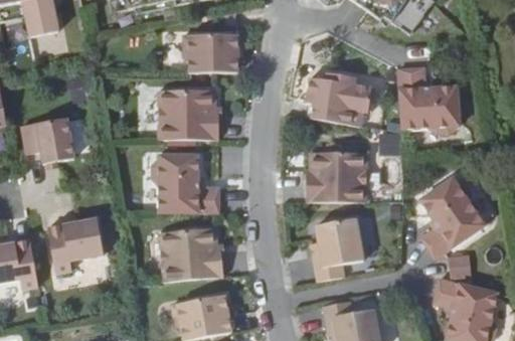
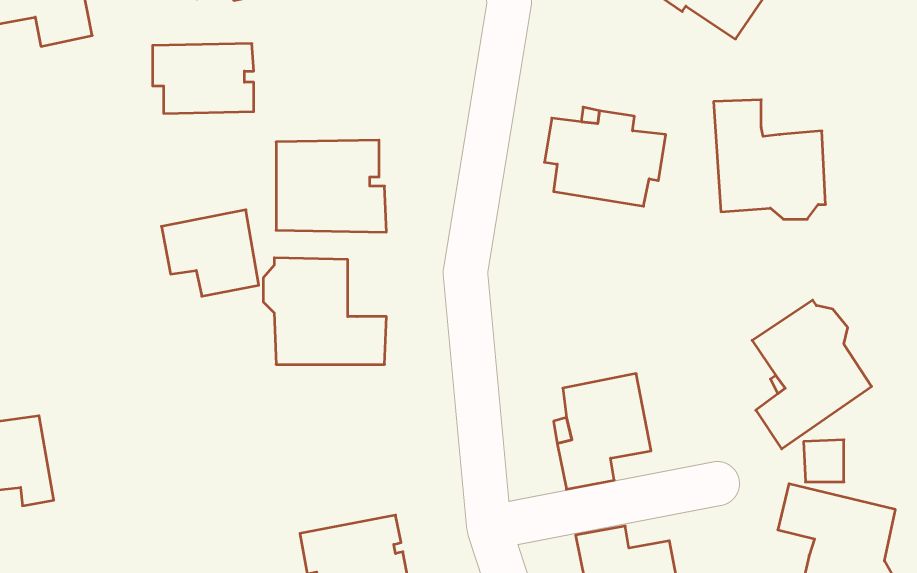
building: [183,33,238,71] -> [153,44,254,113]
building: [21,116,74,163] -> [161,210,259,296]
building: [306,151,366,200] -> none
building: [47,217,104,273] -> none
building: [159,226,223,281] -> none

